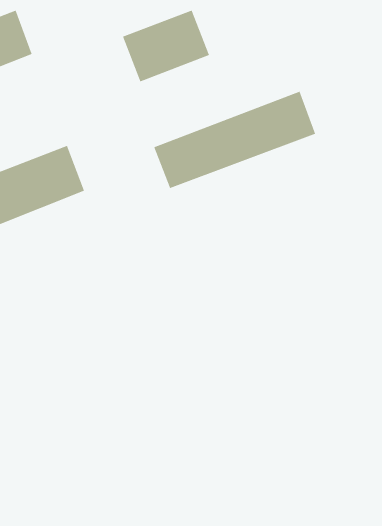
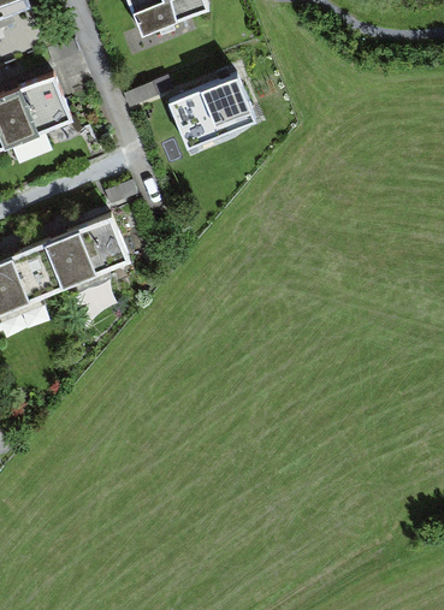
building: [154,91,316,189] -> none

